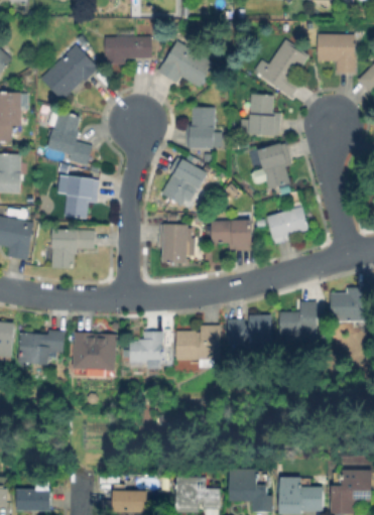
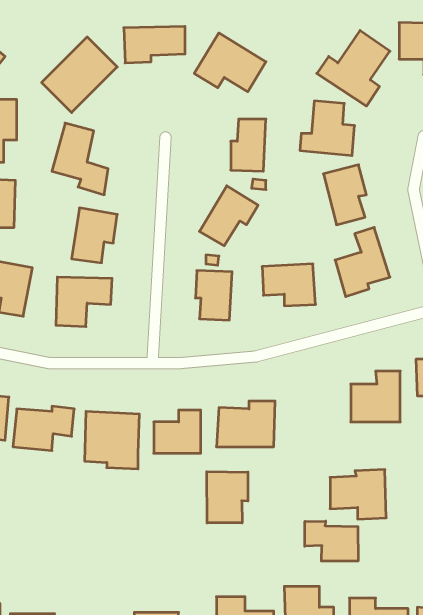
building: [229,314,272,353] -> [330,470,386,519]
building: none -> [207,472,248,523]
building: none -> [305,521,358,561]

